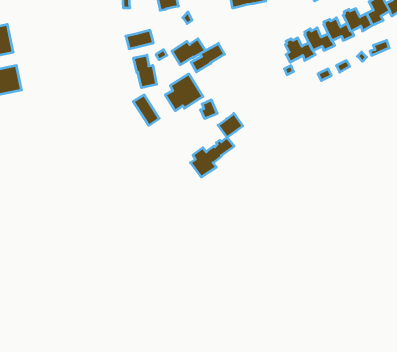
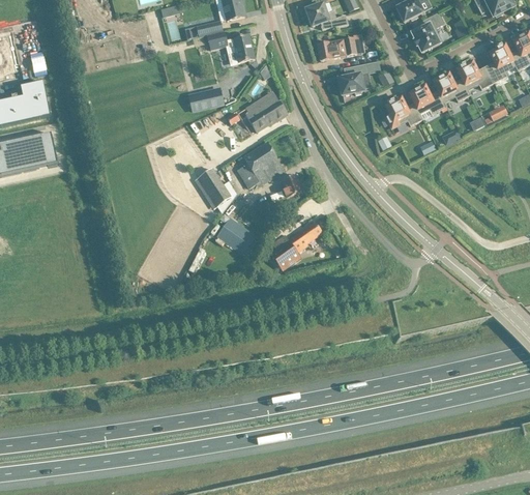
building: none -> [337,64,366,94]
building: [191,43,225,72] -> none
building: [134,55,157,88] -> none
building: [218,113,243,138] -> none
building: none -> [217,219,254,252]

